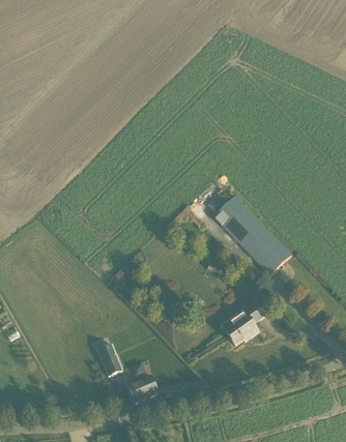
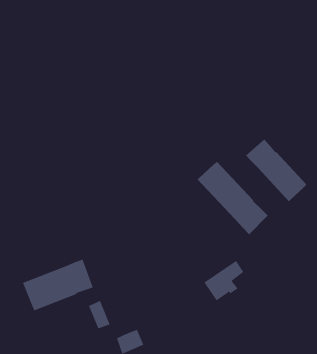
building: none -> [245,138,307,202]
building: none -> [22,259,94,311]

